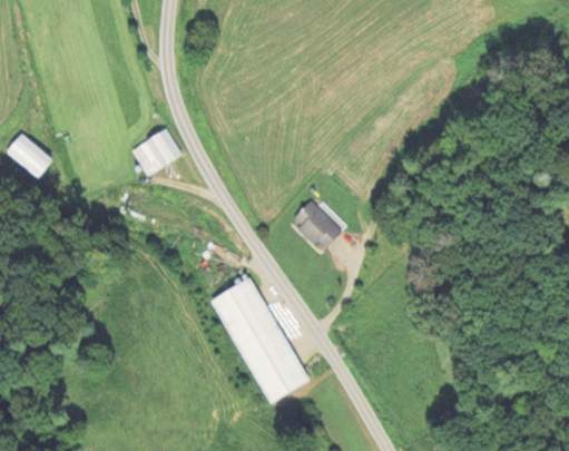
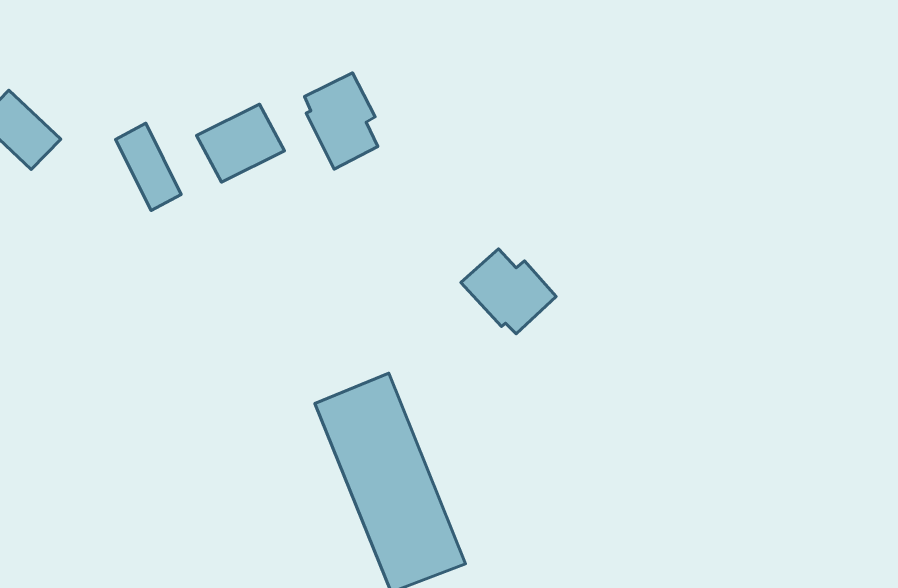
building: none -> [305,73,378,169]
building: none -> [116,123,181,211]

